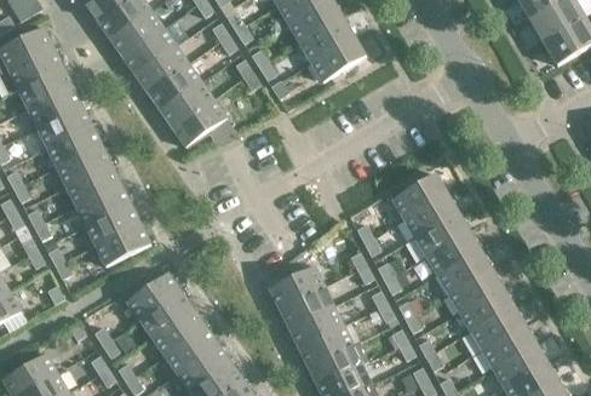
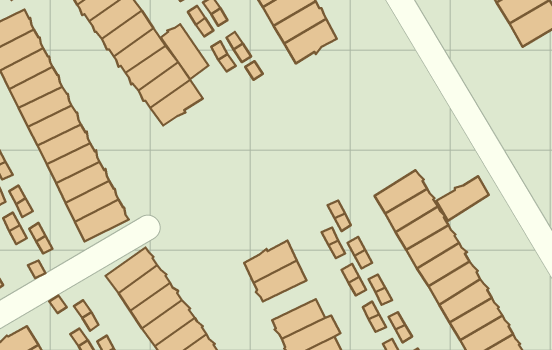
building: none -> [161,24,208,79]
building: [391,173,446,219] -> [436,176,489,221]
building: [288,306,343,348] -> none

